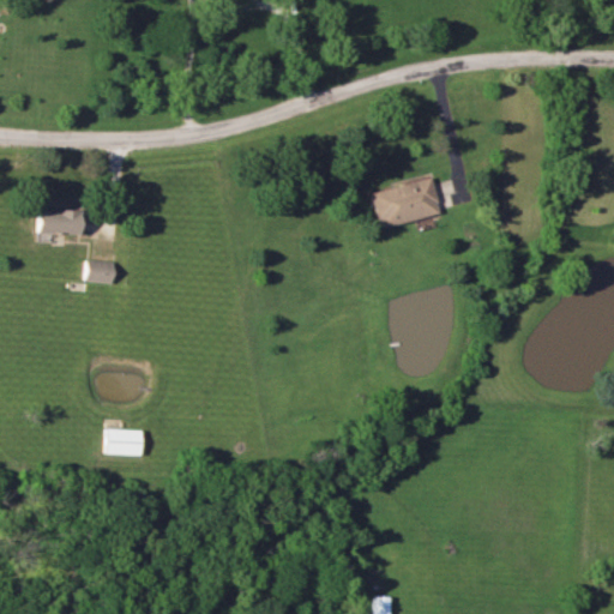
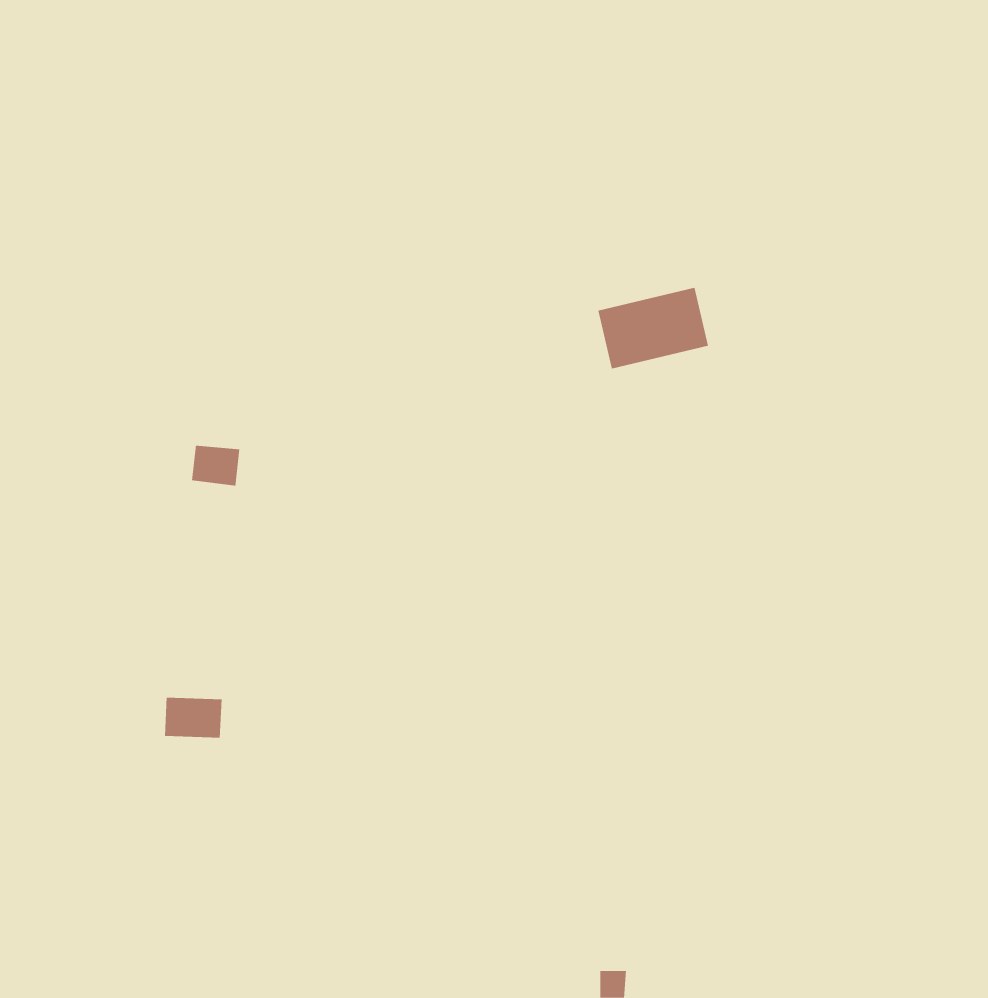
building: [40,209,84,233] -> none
building: [88,258,118,283] -> [191,445,240,486]

